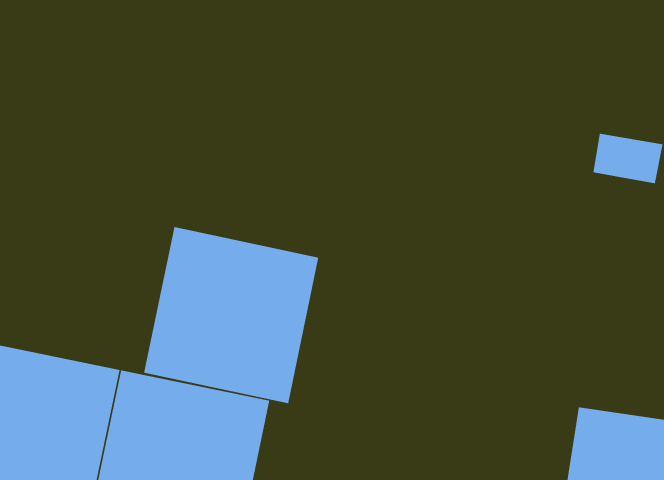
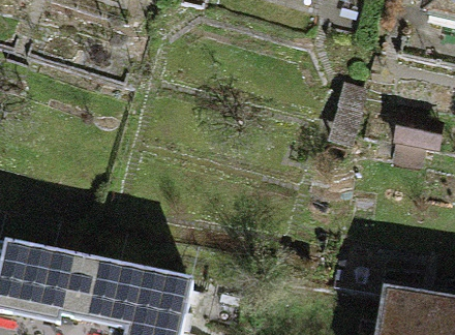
building: [143,226,319,404] -> none

